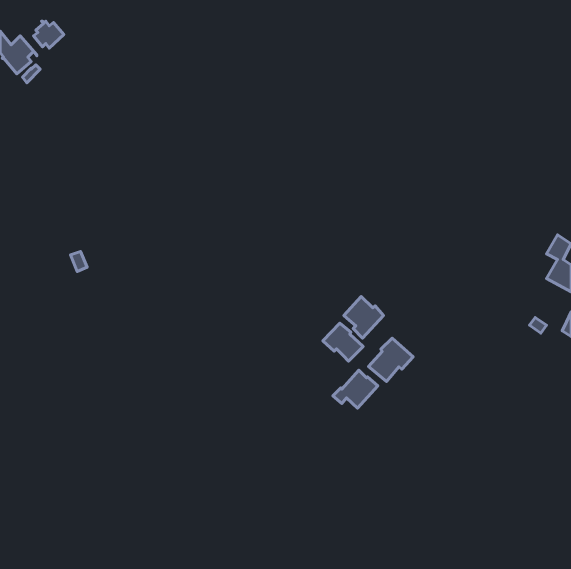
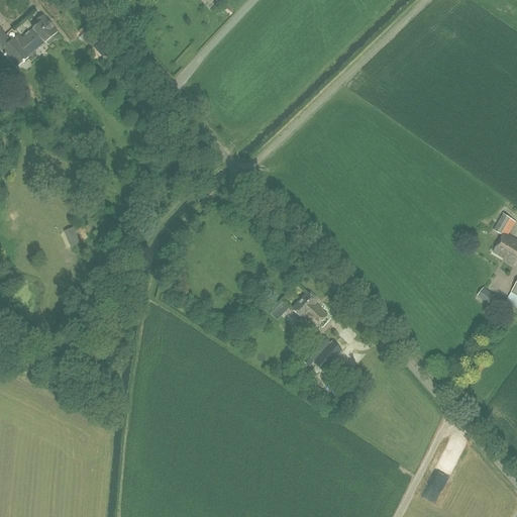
building: [344,296,384,338] -> none
building: [368,338,413,382] -> none

